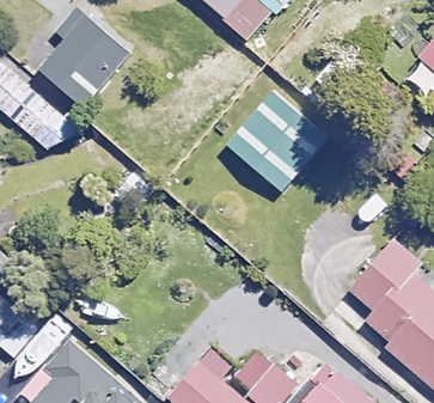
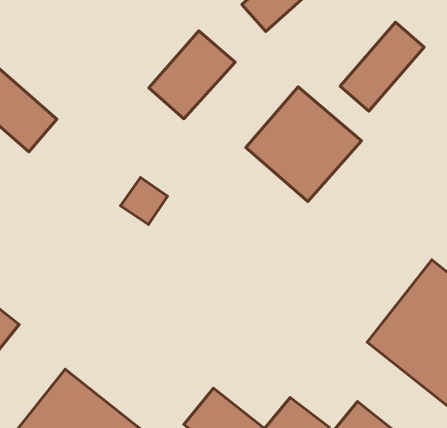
building: [48,23,124,100] -> [149,31,235,119]
building: none -> [340,22,424,111]

